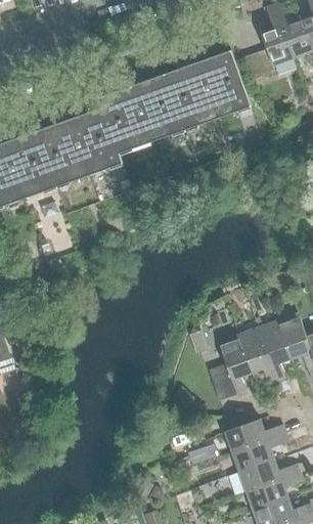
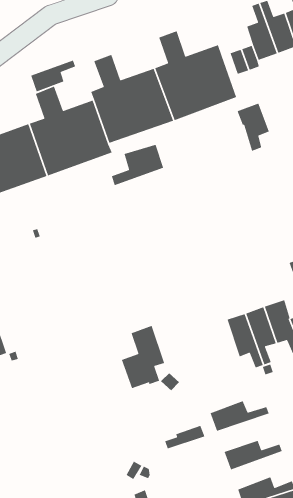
building: none -> [30,59,76,93]
building: none -> [236,102,270,152]
building: none -> [111,144,164,186]
building: [208,334,254,400] -> [121,325,165,389]
building: [230,432,288,471] -> none
building: [244,471,302,510] -> none

